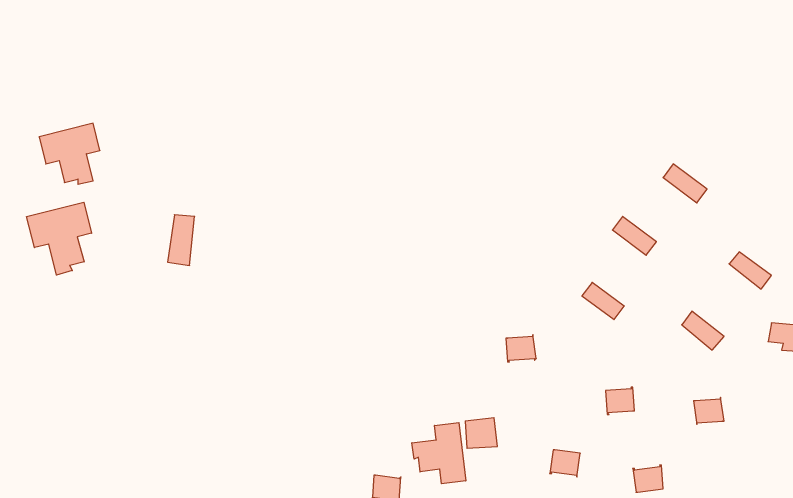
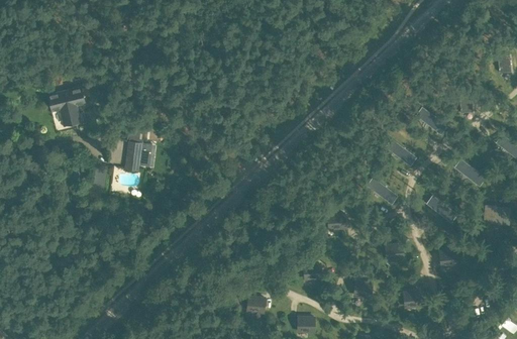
building: [27,202,92,275] -> none
building: [412,423,466,484] -> none

